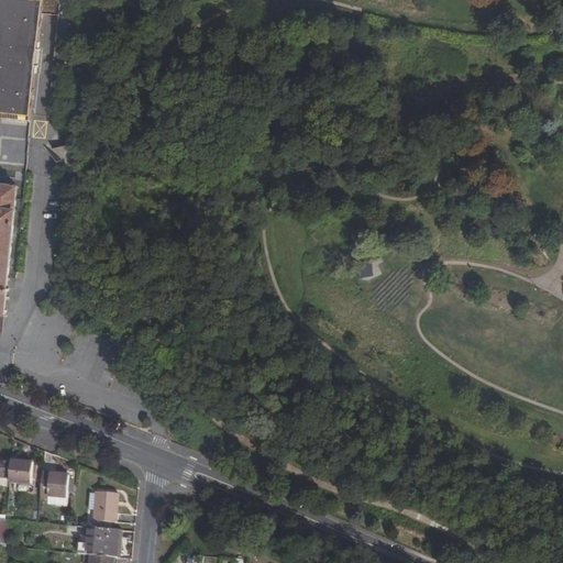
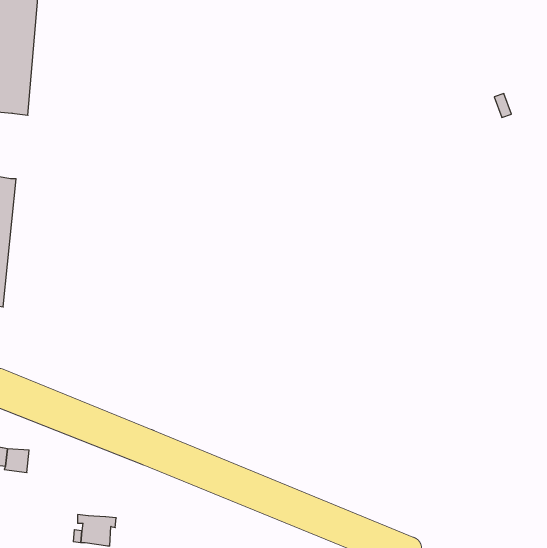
building: [36,472,67,497] -> none
building: [90,489,118,521] -> none

